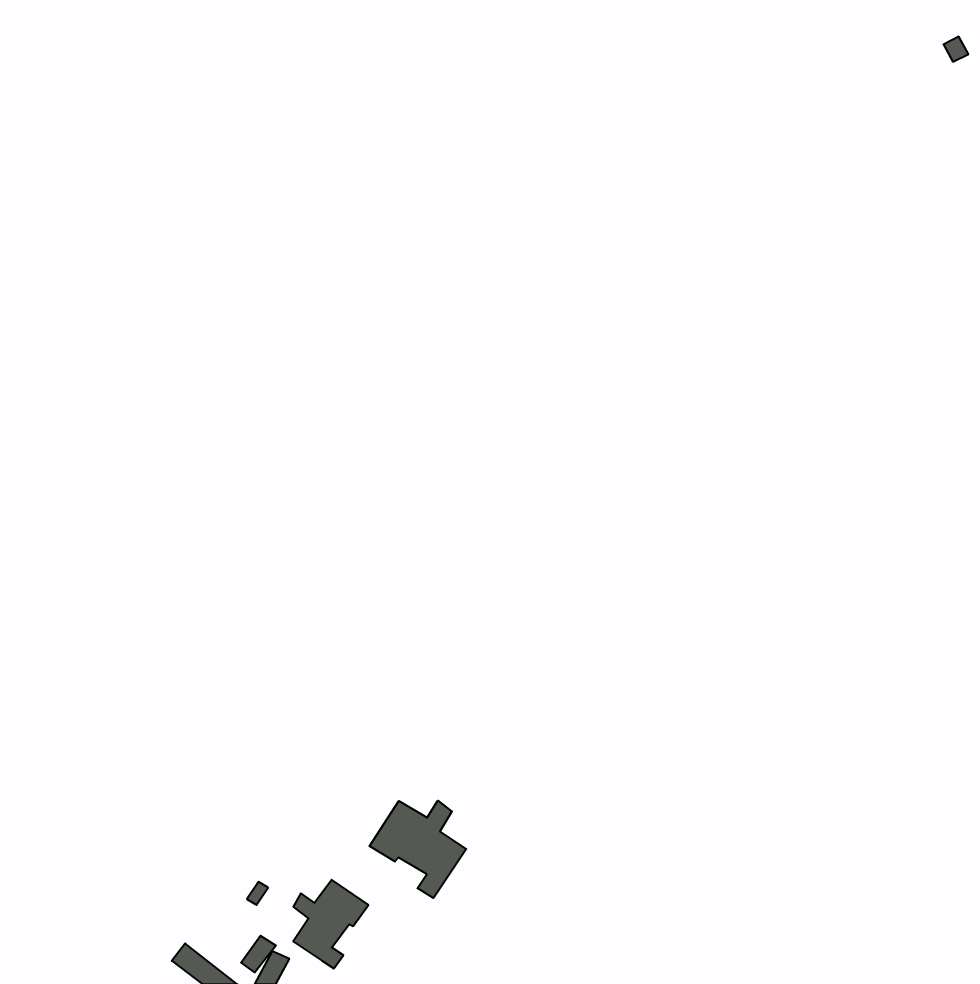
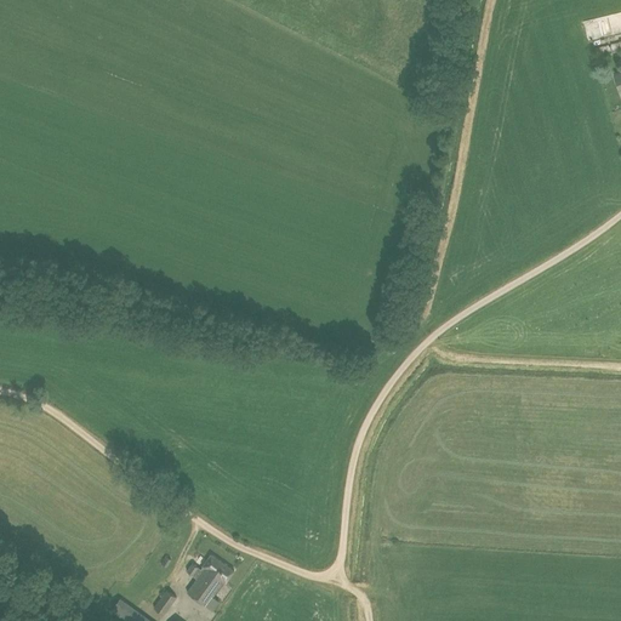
building: [369,801,466,898] -> none

